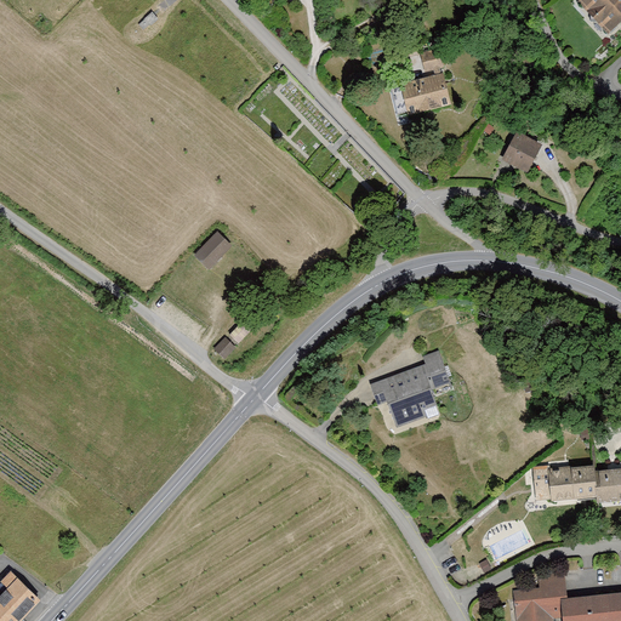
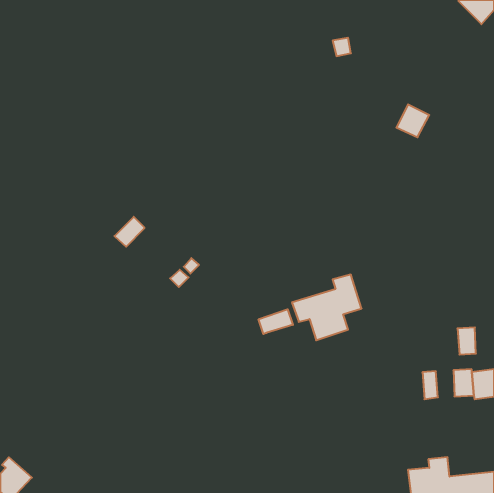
building: [399,72,448,113] -> none
building: [195,233,233,270] -> [114,217,144,247]
building: none -> [259,309,293,334]
building: [547,466,570,500] -> [457,327,476,355]

